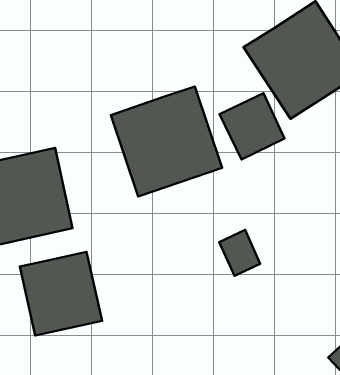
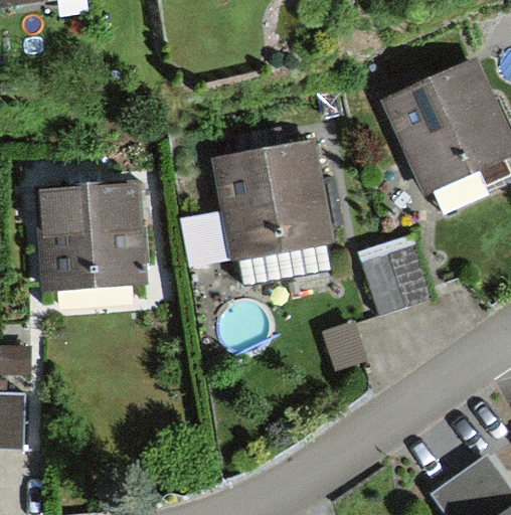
building: [220,93,285,159] -> [356,235,430,311]
building: [20,252,102,336] -> none

